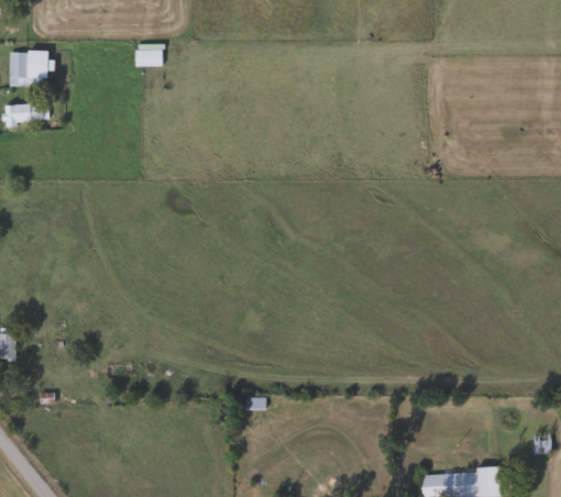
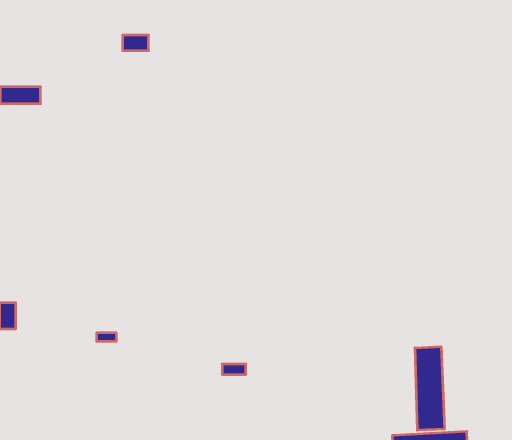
building: [10,52,46,86] -> none
building: none -> [415,347,444,430]

